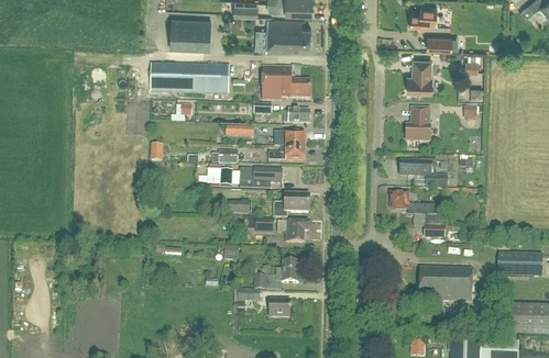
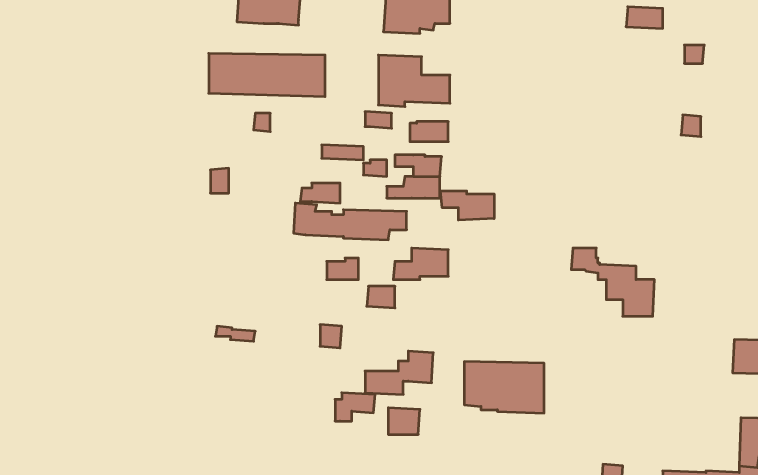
building: [408,57,432,90] -> none
building: [406,107,430,139] -> none
building: none -> [441,191,494,220]
building: [399,158,449,187] -> none
building: [277,220,308,240] -> none
building: [419,266,472,300] -> [464,362,544,413]

